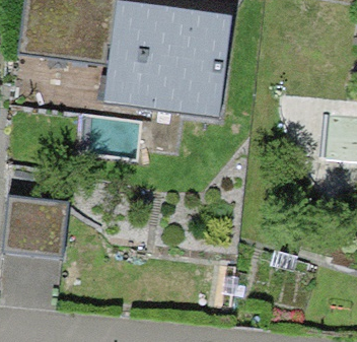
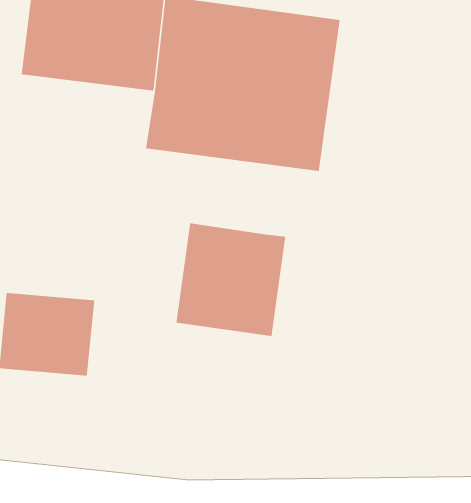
building: none -> [176,222,286,337]

